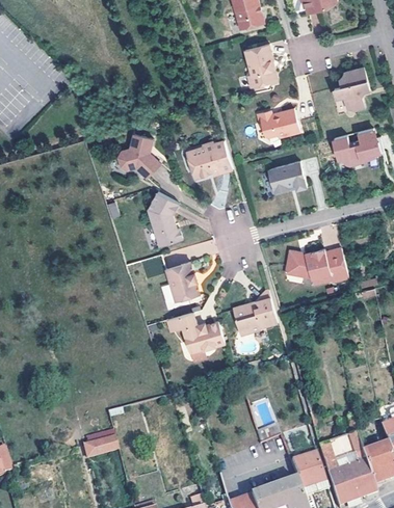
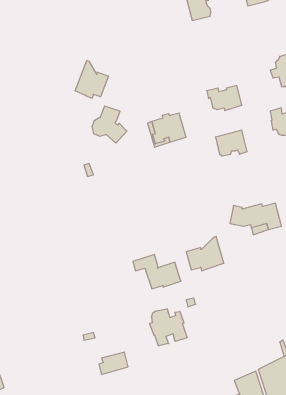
building: [244,44,272,88] -> none
building: none -> [75,60,109,98]
building: [147,191,181,247] -> none
building: [165,262,199,301] -> none
building: none -> [150,309,187,346]
building: [82,431,117,458] -> [99,352,128,374]

